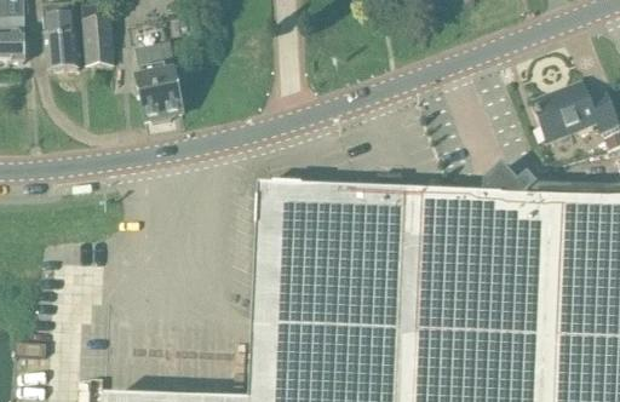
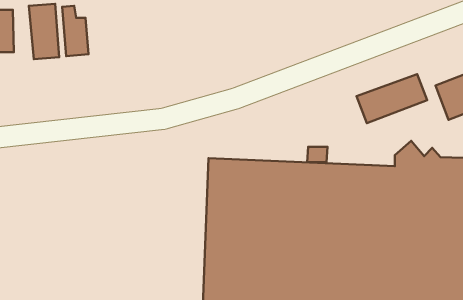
building: [136,45,182,124] -> none
building: none -> [357,74,427,123]

